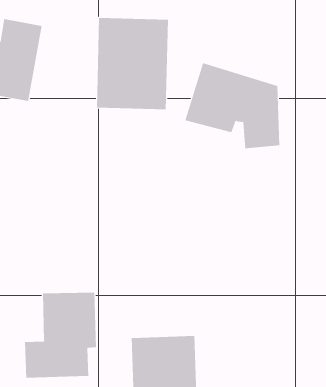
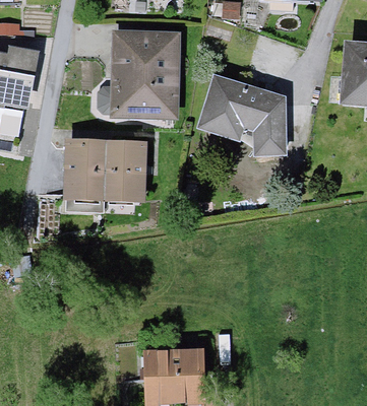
building: none -> [67,135,157,212]
building: [24,292,97,379] -> none

